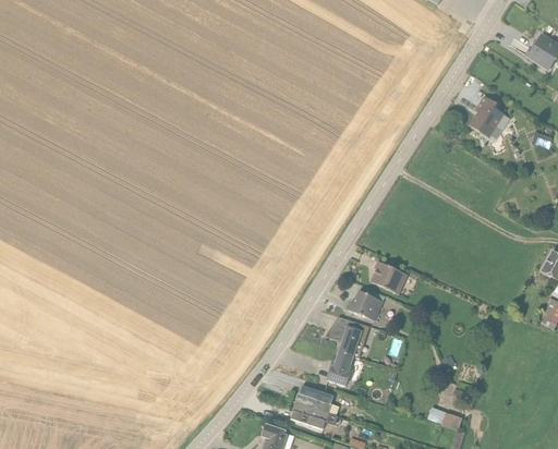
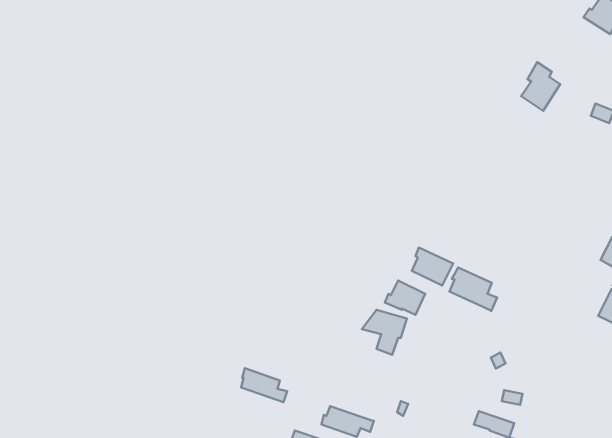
building: none -> [449,267,497,311]
building: [328,351,354,386] -> none
building: [299,385,340,415] -> [241,368,287,402]

